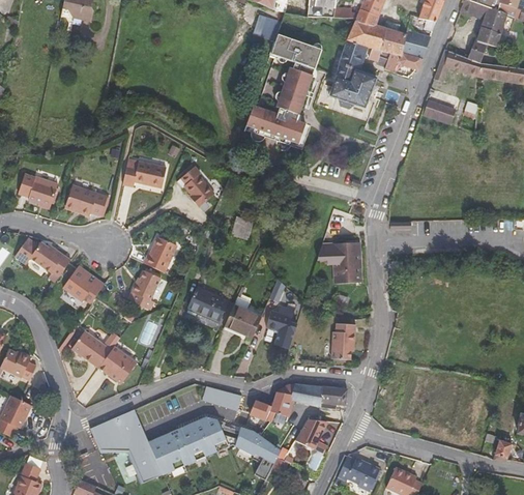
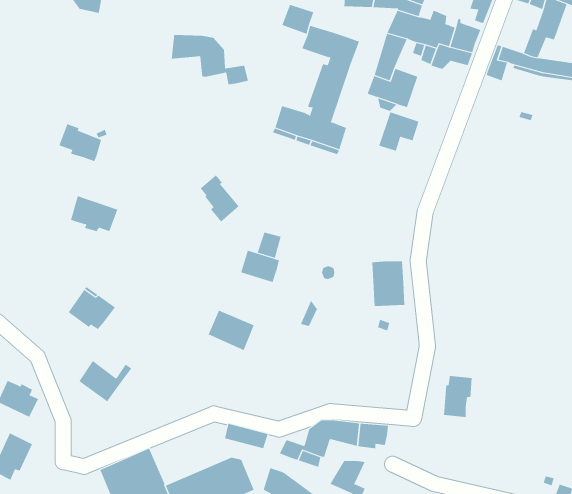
building: none -> [171,34,249,85]
building: [421,98,456,123] -> none
building: none -> [379,111,419,151]
building: [123,161,166,187] -> none
building: [18,172,56,206] -> [59,123,102,162]
building: none -> [241,250,279,283]
building: [144,235,177,272] -> none
building: [16,238,71,282] -> none
building: [130,269,161,309] -> none
building: [225,294,261,338] -> none
building: [267,304,295,347] -> none
building: [330,322,356,359] -> [443,375,472,417]
building: [98,345,137,384] -> none

